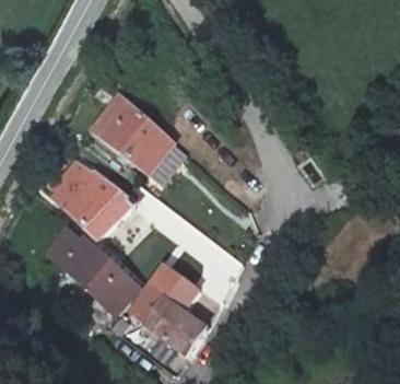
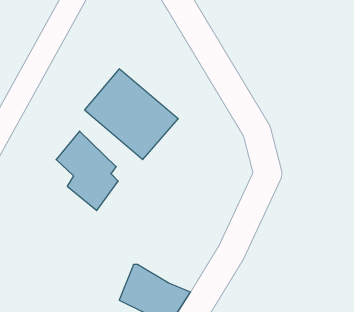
building: [49,229,138,317] -> none
building: [151,271,195,316] -> none

